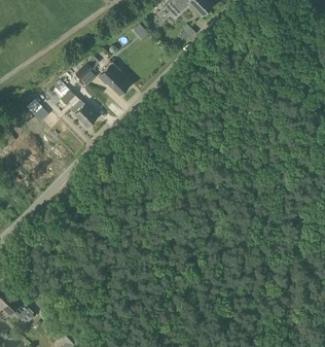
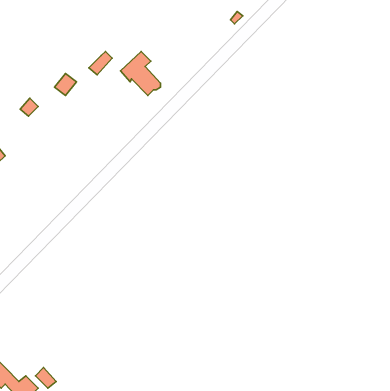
building: [62,91,98,127] -> none

